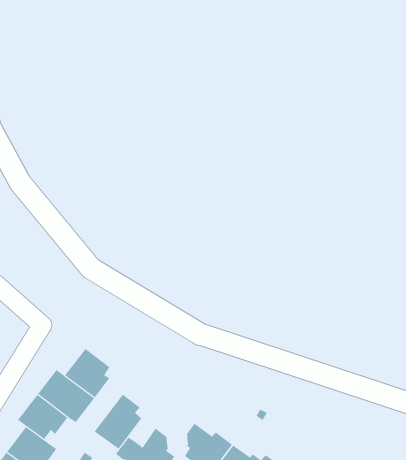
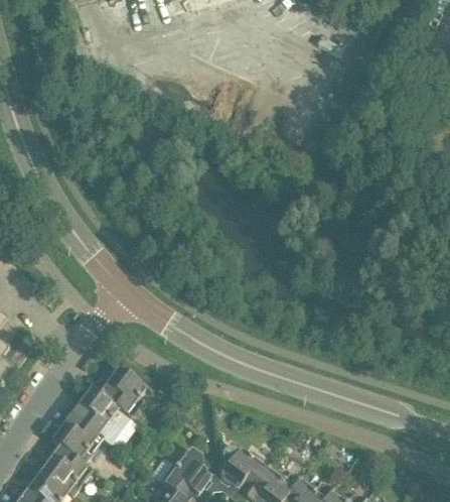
building: [94,394,142,450] -> none

